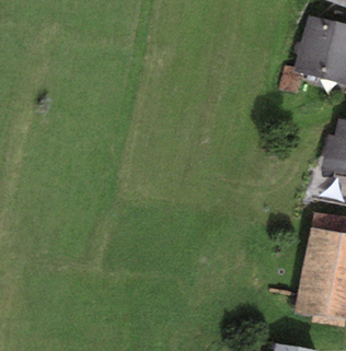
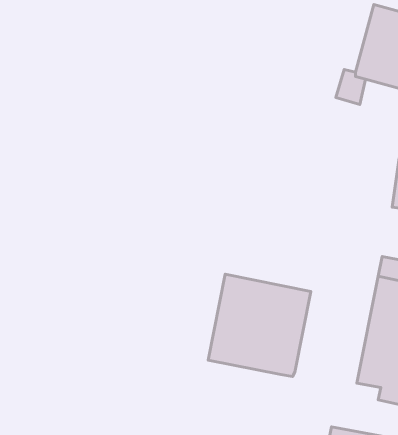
building: none -> [208,274,311,377]

